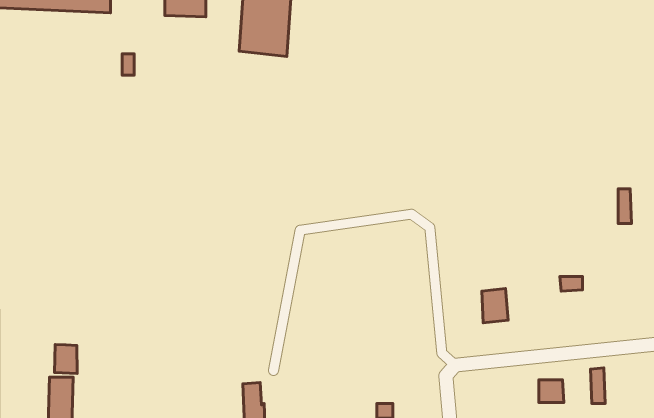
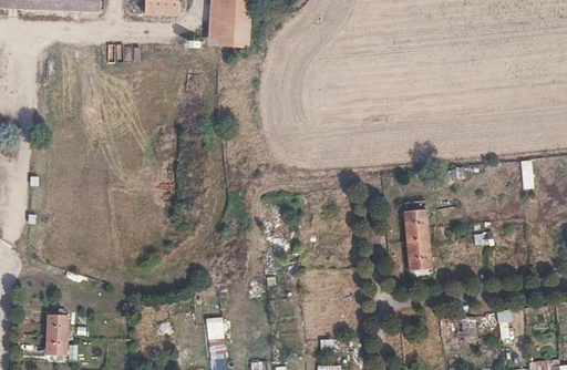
building: none -> [405,212,429,244]
building: [54,344,77,374] -> none

